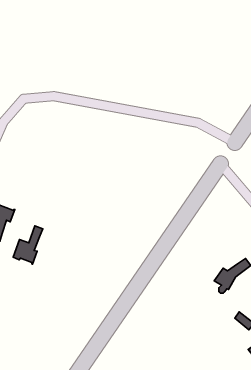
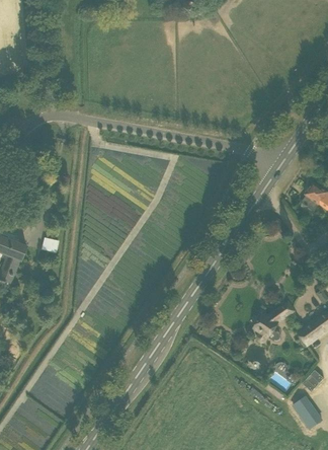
building: [13,226,43,264] -> none

